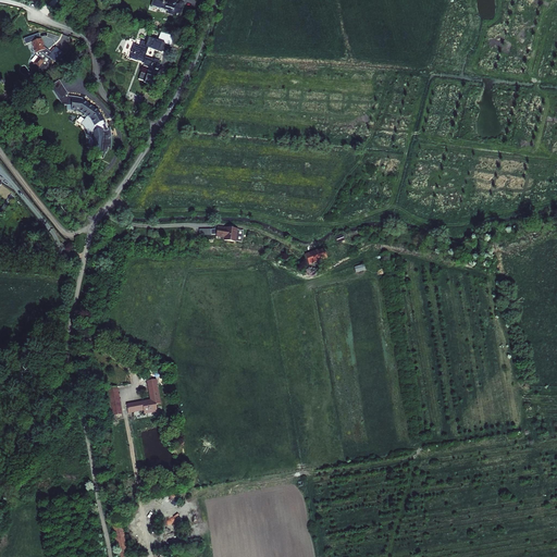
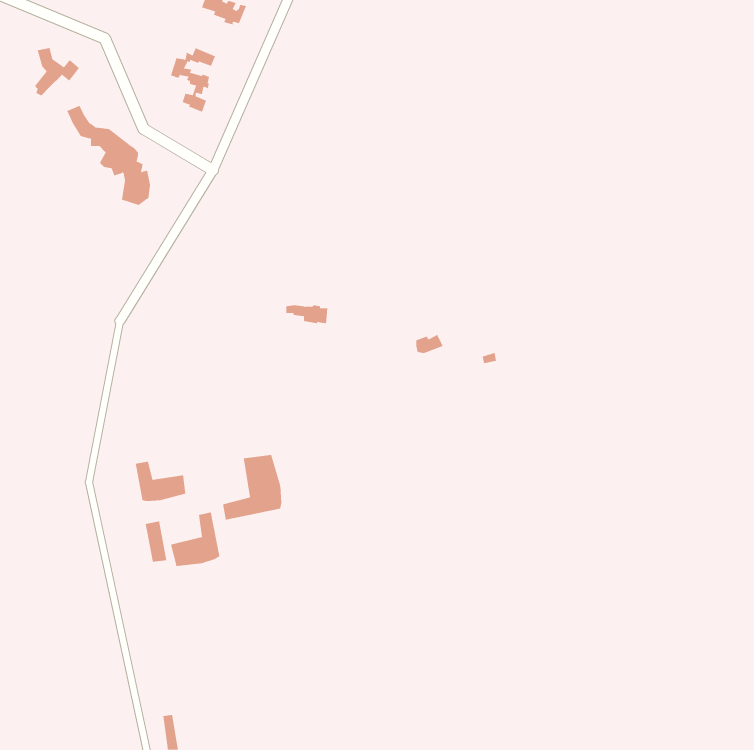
building: none -> [223,454,282,520]
building: none -> [135,461,186,502]

